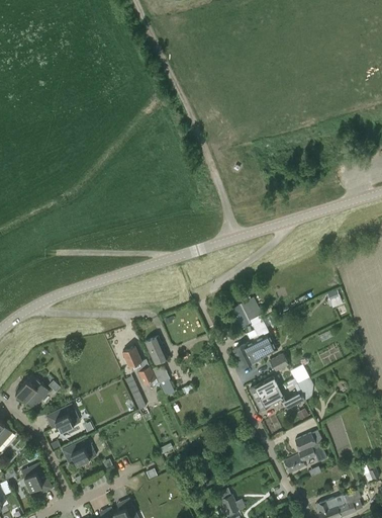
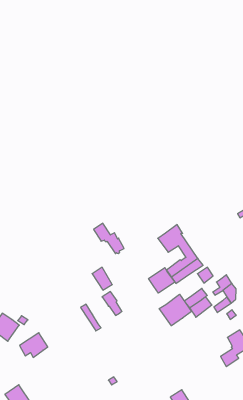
building: [122,346,156,384] -> [94,223,124,254]
building: none -> [149,268,175,293]
building: none -> [159,294,192,326]
building: [62,438,96,465] -> none

